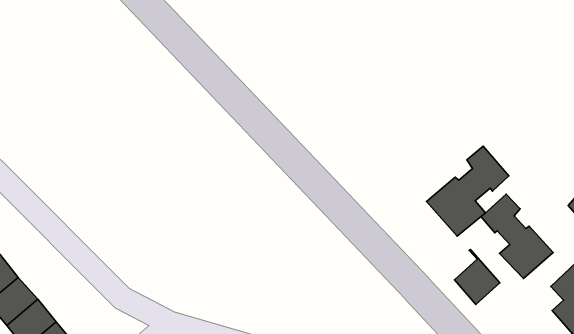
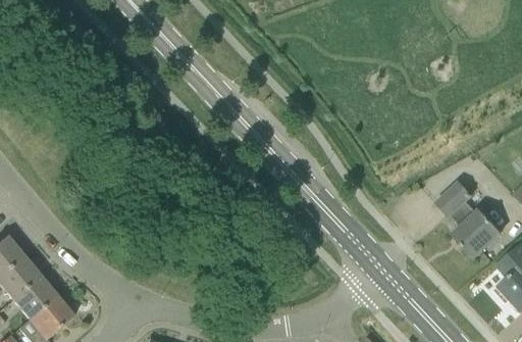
building: [426,146,509,236] -> none
building: [455,249,500,305] -> none

